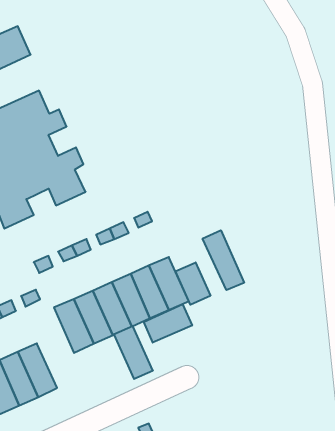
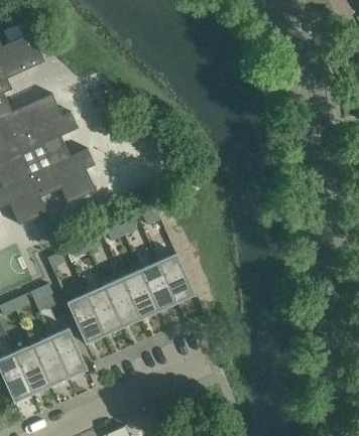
building: [203,230,244,290] -> none
building: [176,262,210,305] -> none
building: [144,304,192,343] -> none
building: [114,326,153,379] -> [49,327,87,378]

